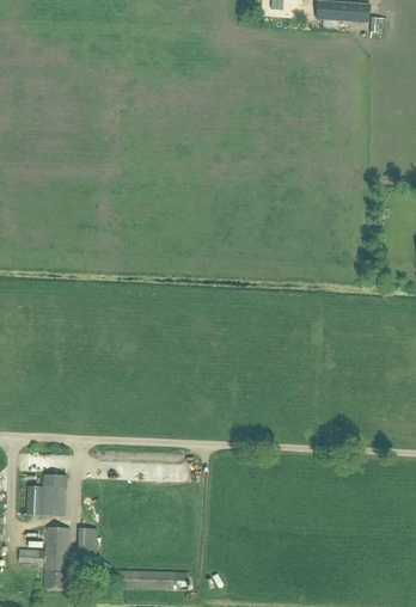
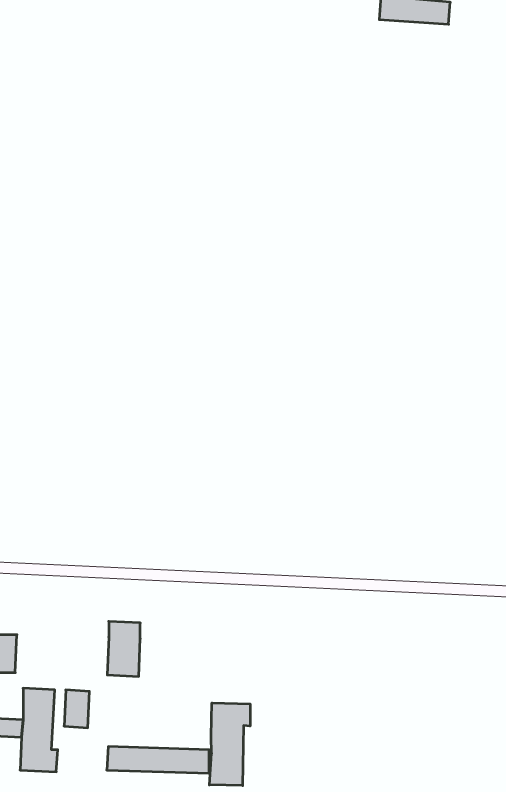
building: [42,472,67,514] -> [107,621,140,676]
building: none -> [209,703,250,786]

